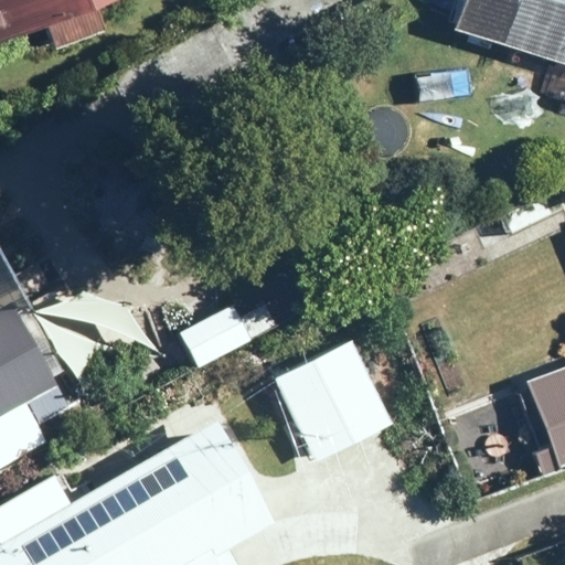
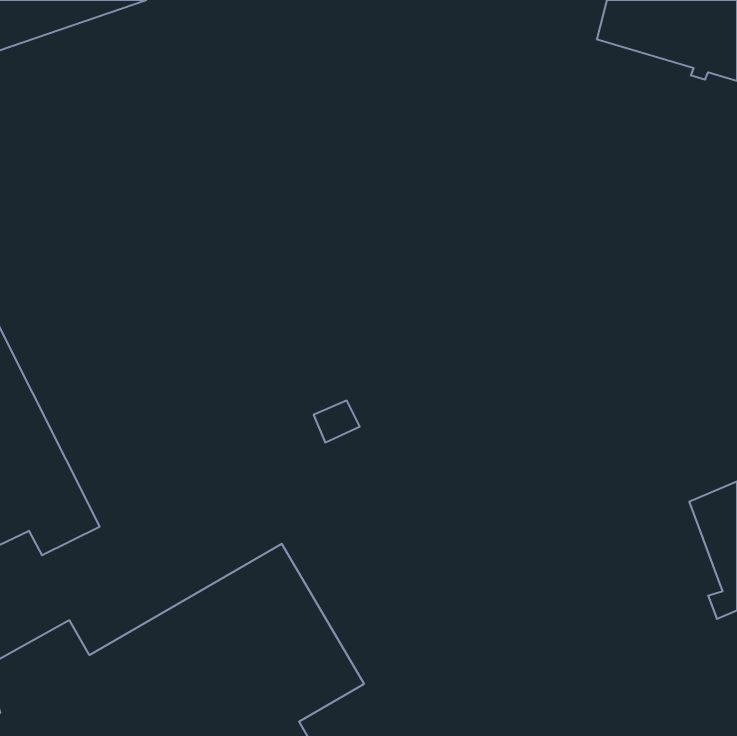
building: [274,339,392,459] -> none

